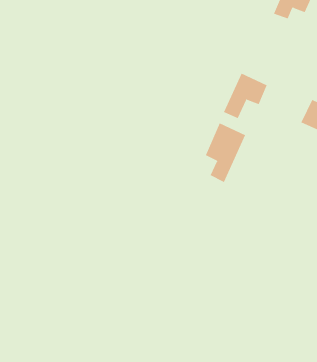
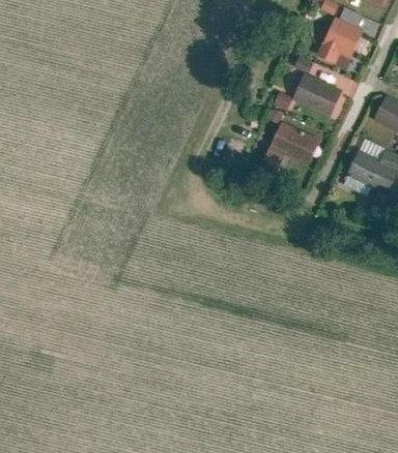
building: none -> [292,73,334,110]
building: [205,123,246,183] -> none

